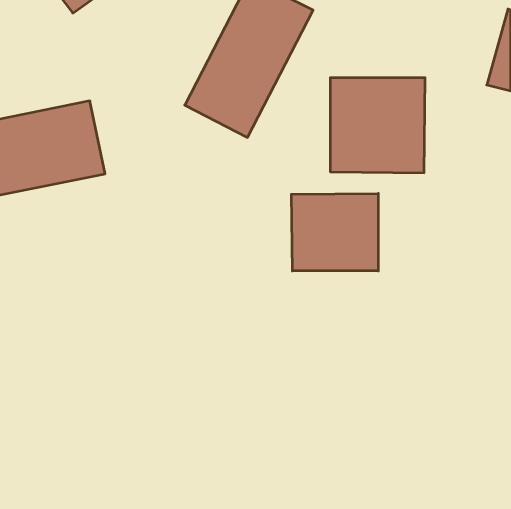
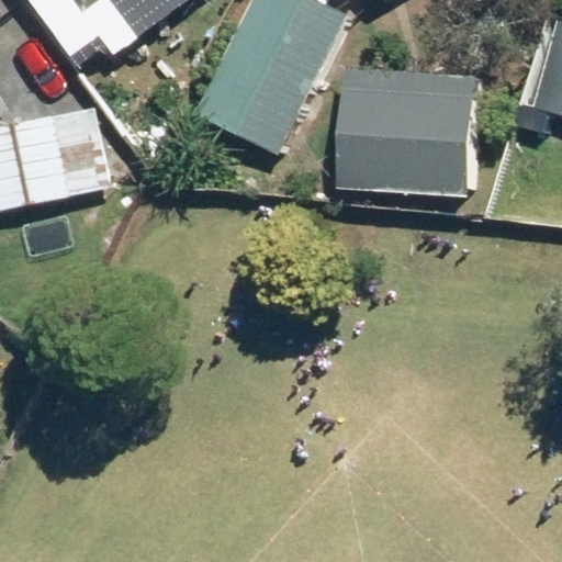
building: [291,193,378,271] -> none

